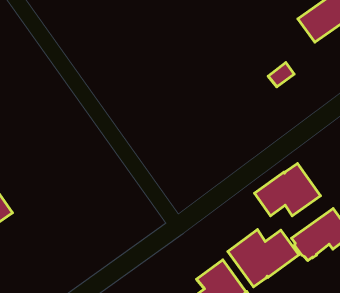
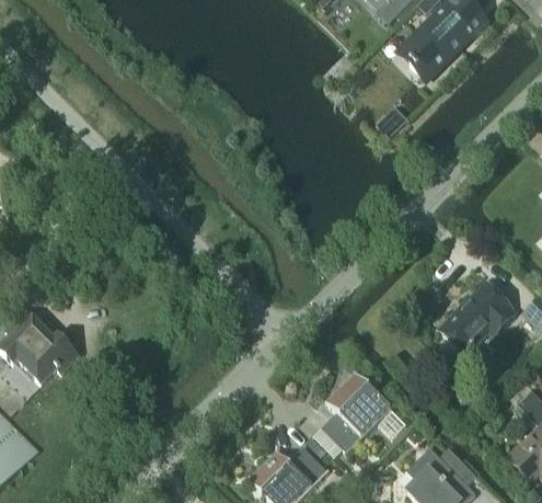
building: [255,163,320,216] -> none
building: [228,230,299,287] -> none

